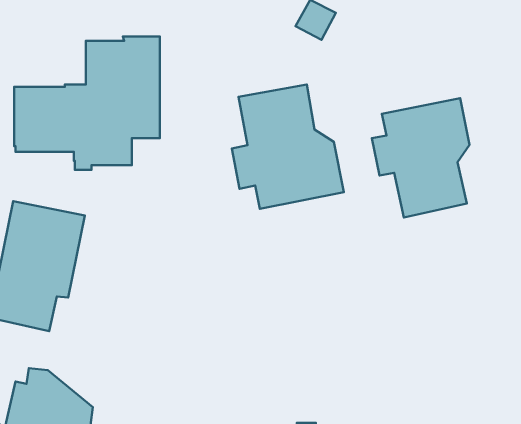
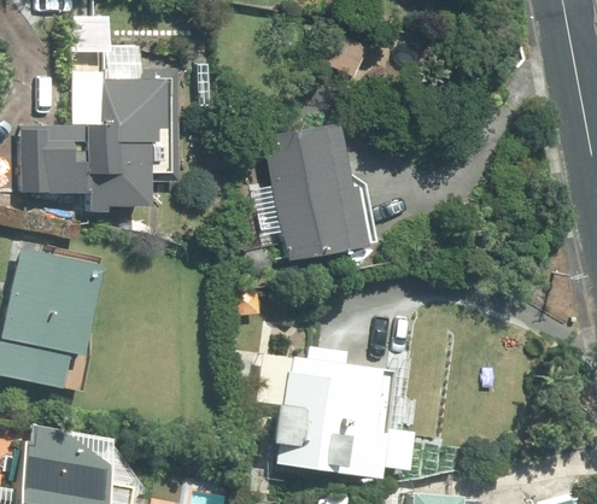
building: [372,98,469,217] -> none
building: none -> [273,351,412,480]

